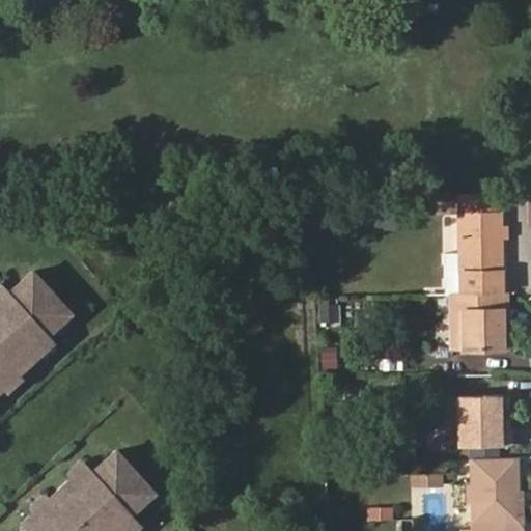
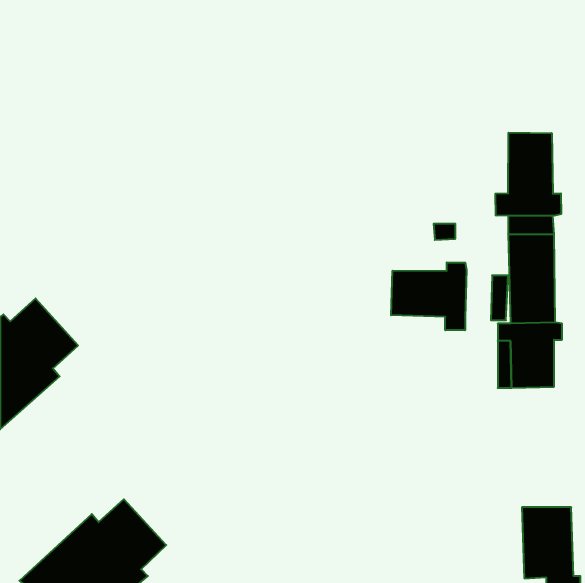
building: none -> [495,133,561,216]
building: none -> [391,262,467,330]
building: [457,398,514,447] -> none

